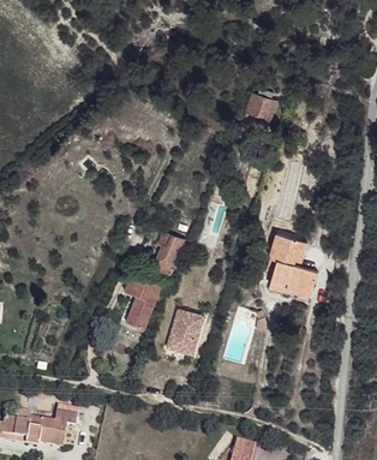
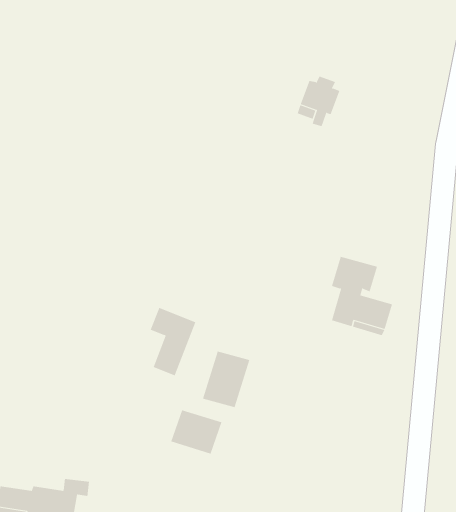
building: [155,232,184,275] -> none
building: none -> [171,409,222,454]

